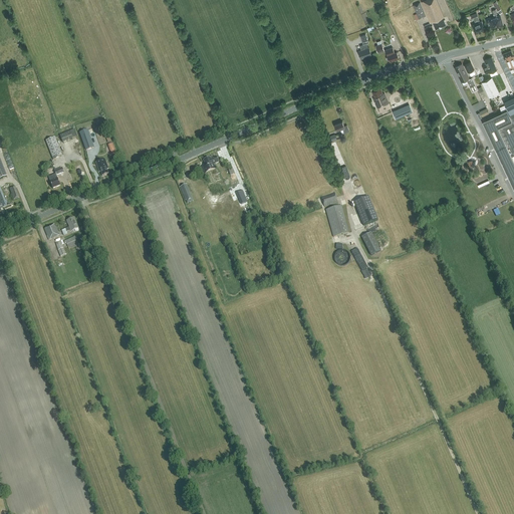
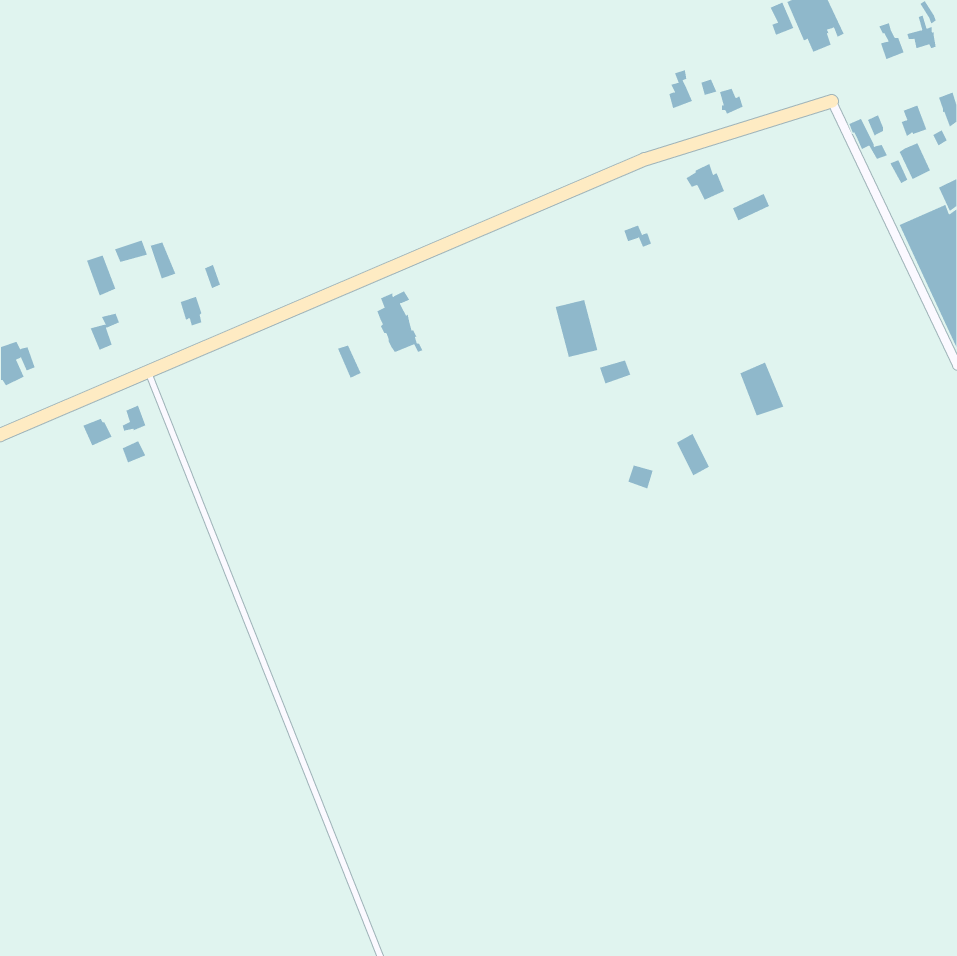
building: [354,196,378,225] -> [739,362,784,416]
building: [326,205,349,236] -> [555,299,598,358]

